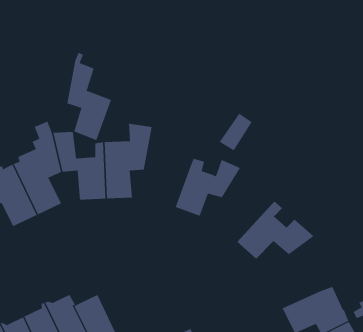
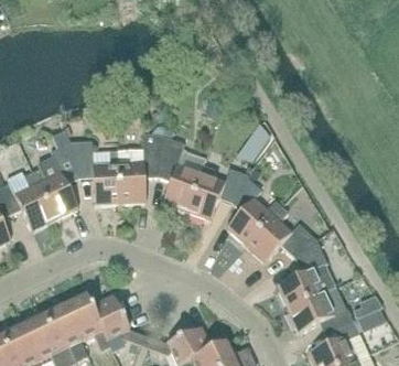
building: [66,52,112,141] -> [158,128,201,212]
building: none -> [226,163,281,245]
building: none -> [277,239,337,308]

